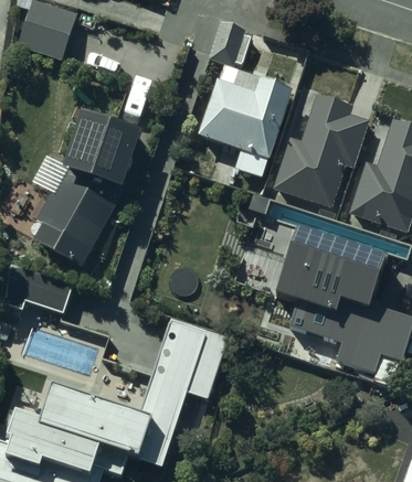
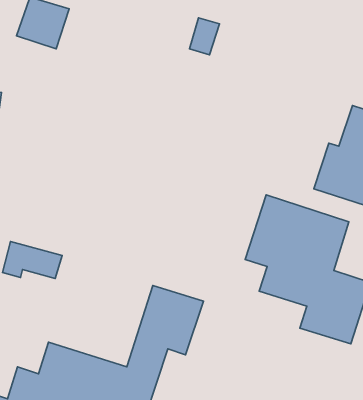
building: [201,64,294,179] -> none
building: [273,93,367,206] -> none
building: [35,109,140,266] -> none

